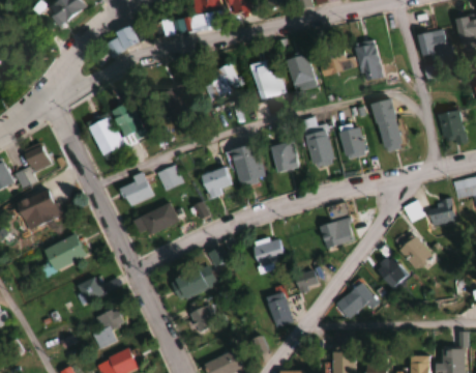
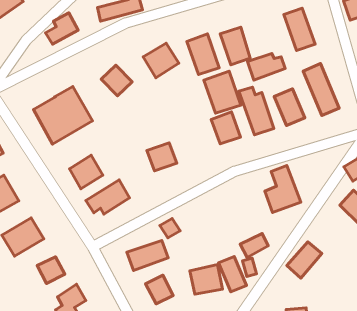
building: [319,52,357,78] -> [248,54,285,80]
building: [231,143,267,185] -> [204,71,241,113]
building: [158,164,186,192] -> none
building: [254,238,286,267] -> [190,264,222,294]
building: [376,255,408,287] -> none

